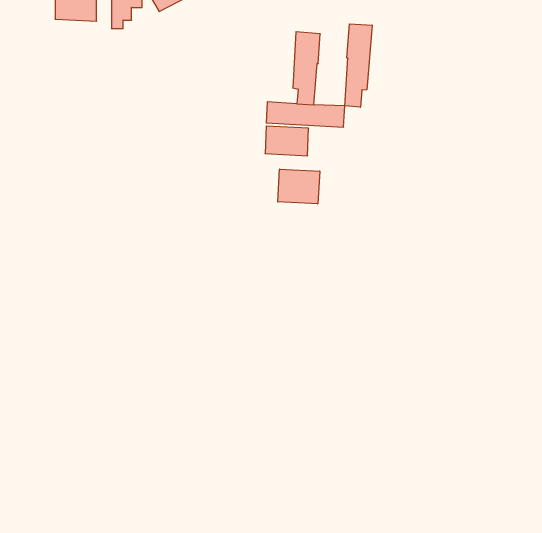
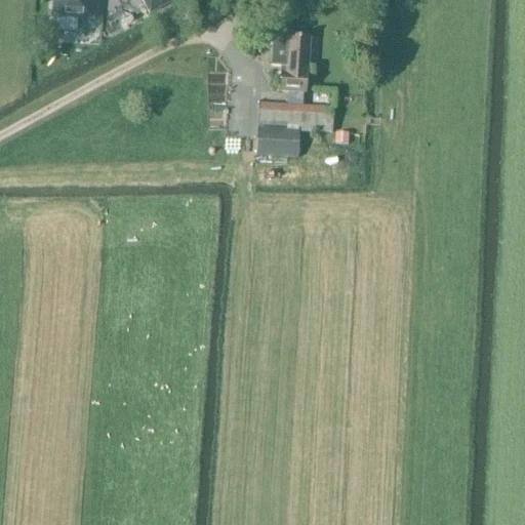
building: [345,24,372,107] -> none
building: [278,169,320,204] -> none

